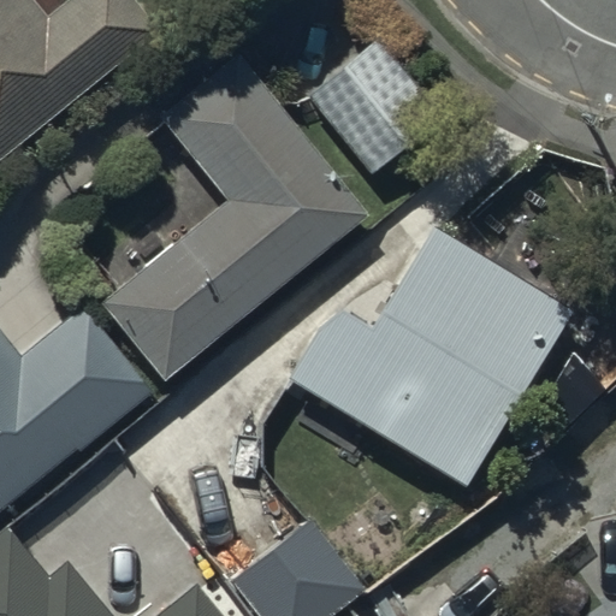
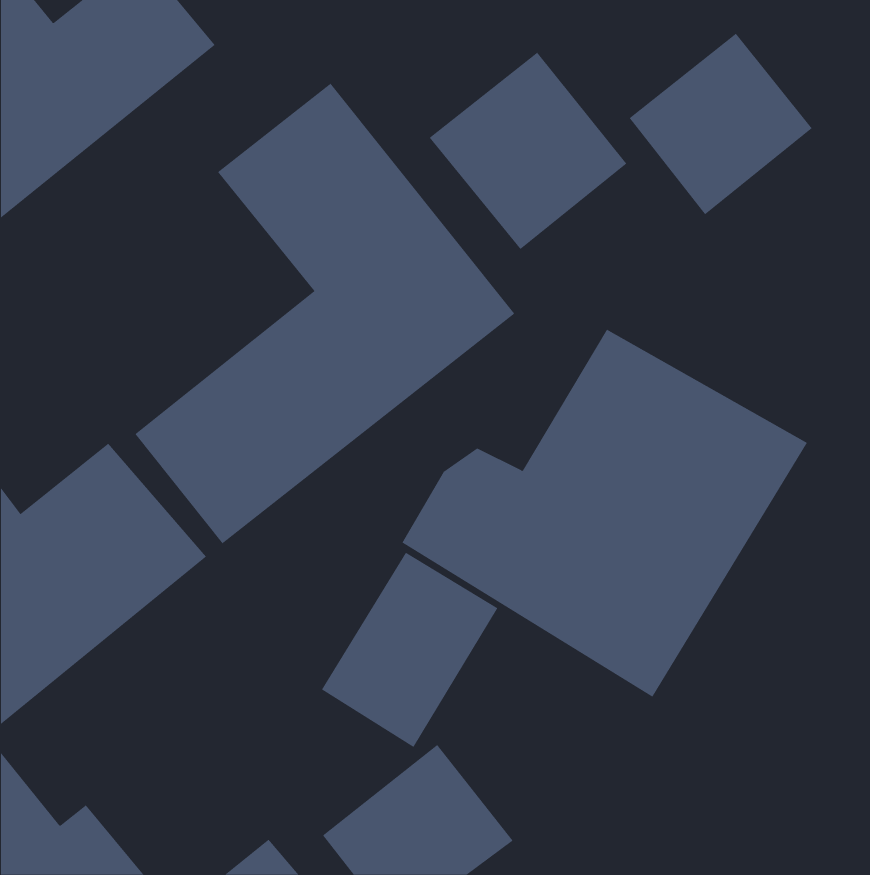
building: none -> [629,33,813,215]
building: none -> [321,552,498,748]

